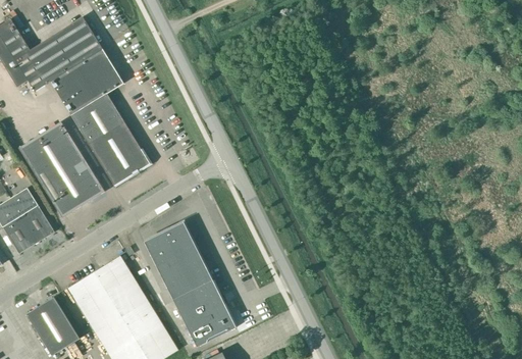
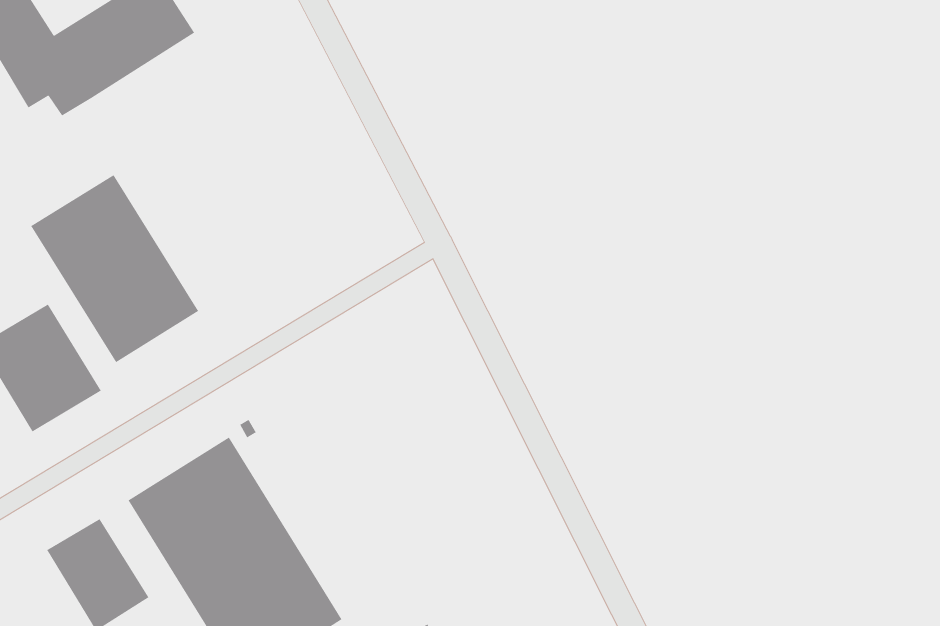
building: [50,49,150,186] -> none
building: [146,224,236,346] -> none

